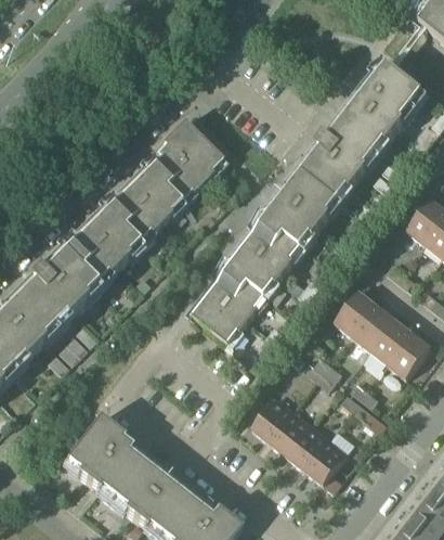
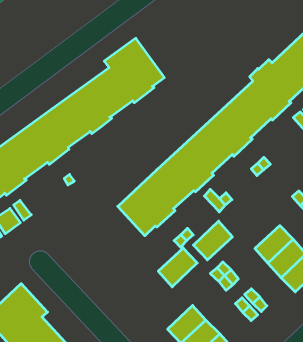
building: [336,291,378,336] -> [193,221,232,260]
building: [252,397,295,442] -> [158,248,197,287]

